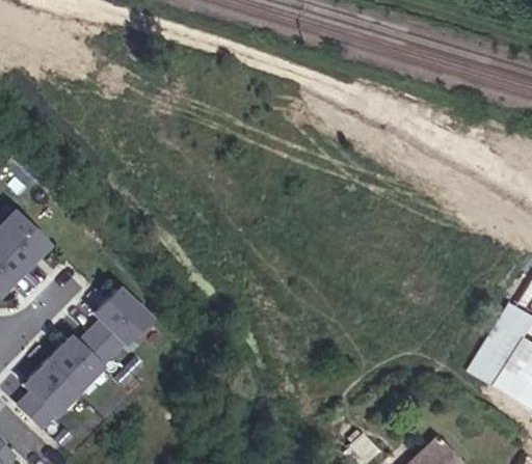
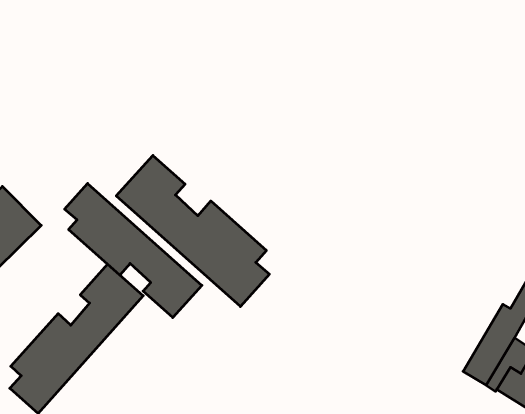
building: none -> [116,155,269,307]
building: none -> [65,183,202,318]

